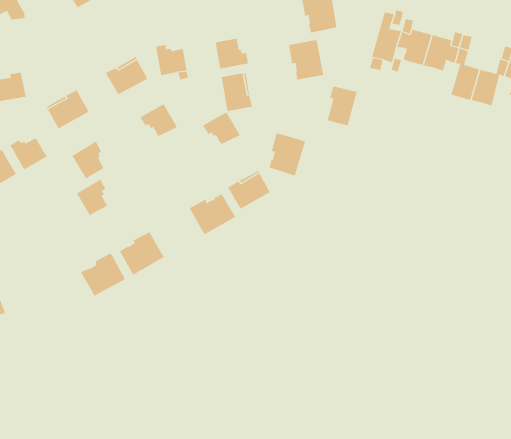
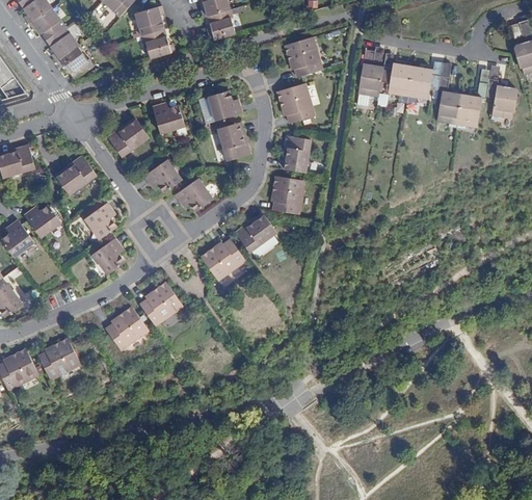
building: [327,86,357,126] -> [285,135,311,172]
building: [202,112,241,145] -> [176,178,213,210]
building: none -> [38,338,80,379]

